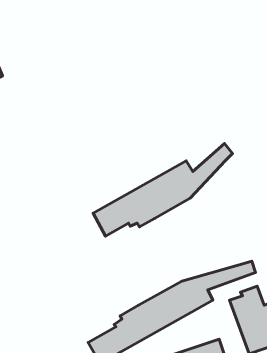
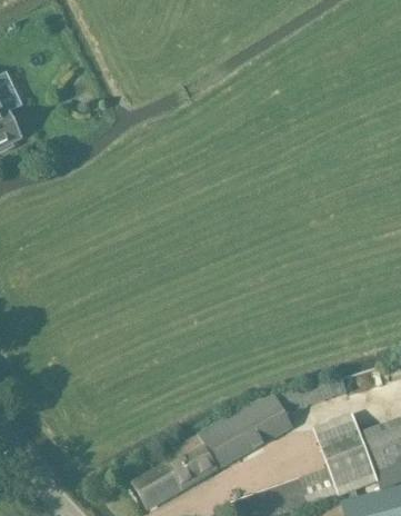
building: [93,144,232,236] -> none

